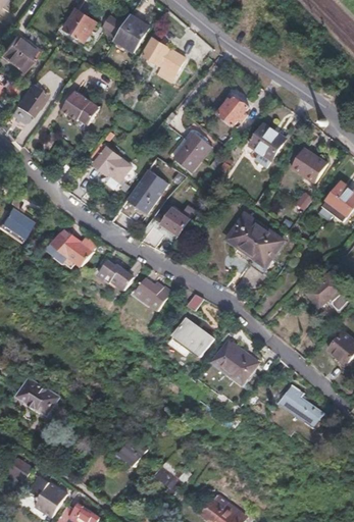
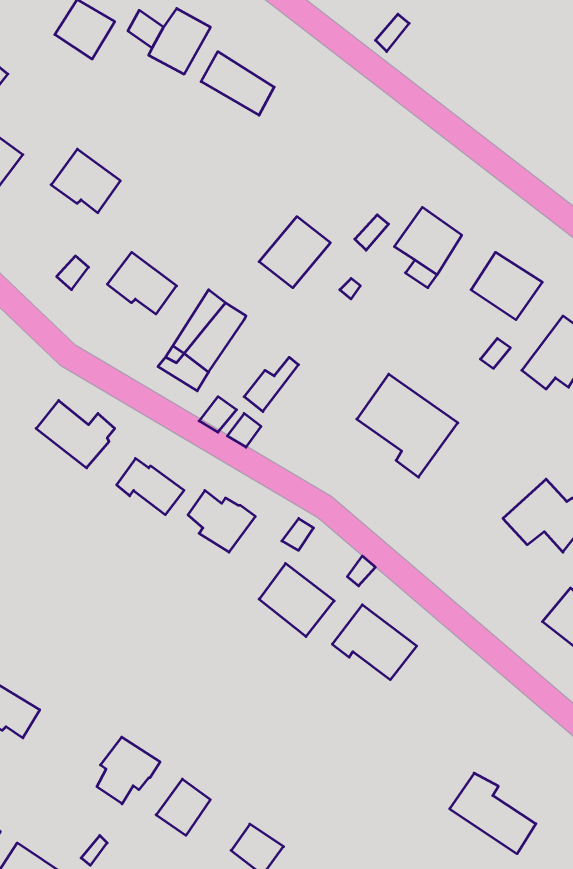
building: [217,95,249,125] -> none
building: [277,384,324,428] -> [450,773,536,854]
building: none -> [97,737,160,804]

